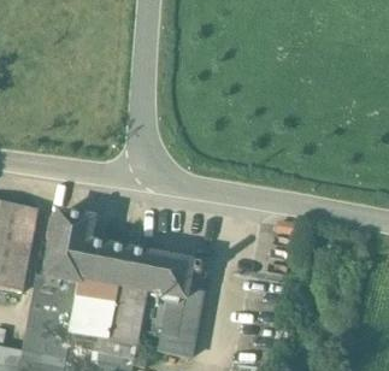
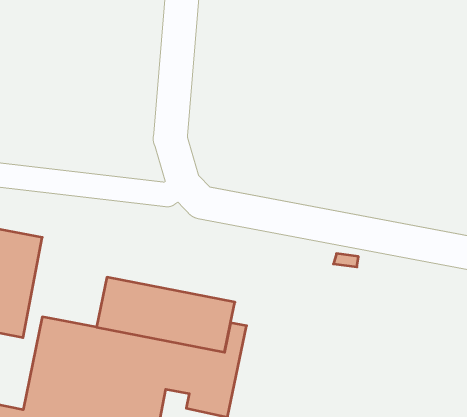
building: [45,210,95,281] -> none

